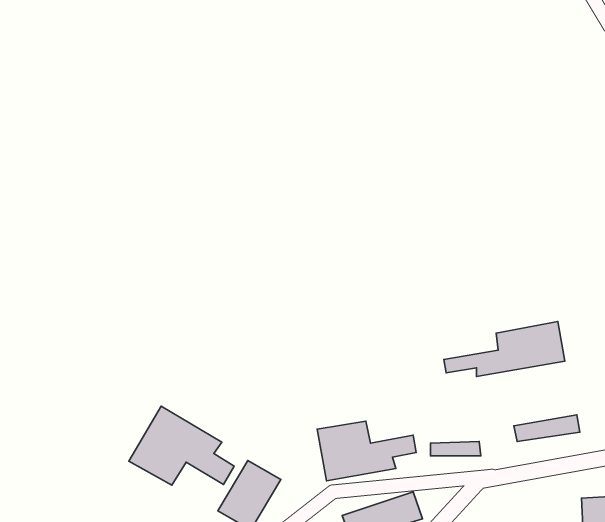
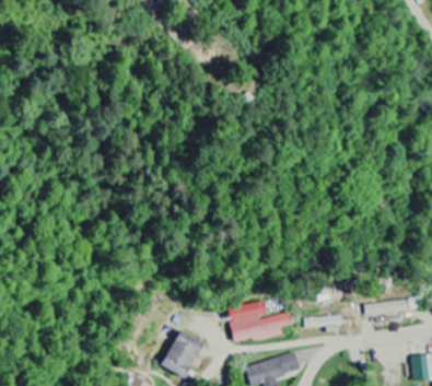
building: [444,322,565,376] -> none
building: [129,406,234,485] -> none

